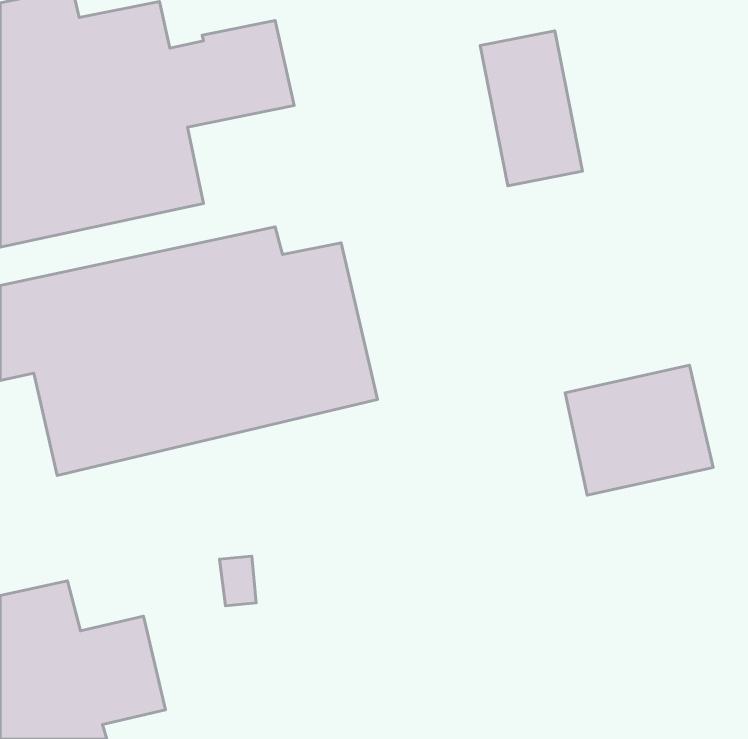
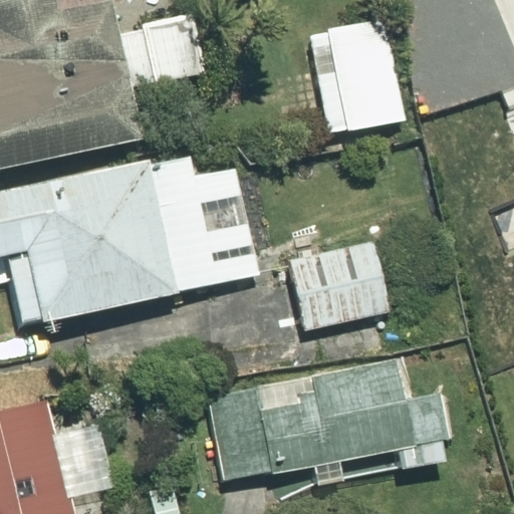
building: [565,365,713,495] -> [287,241,389,330]
building: none -> [207,360,445,479]

